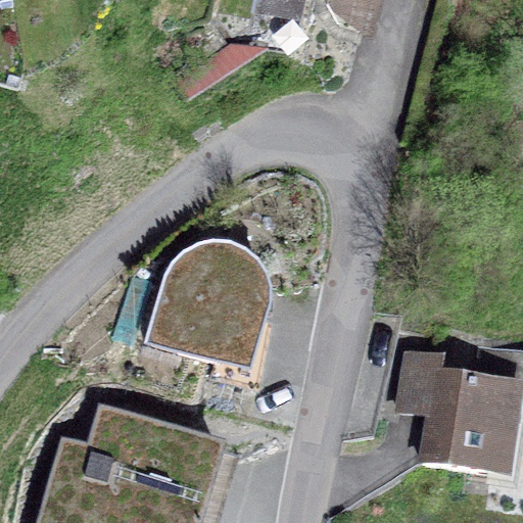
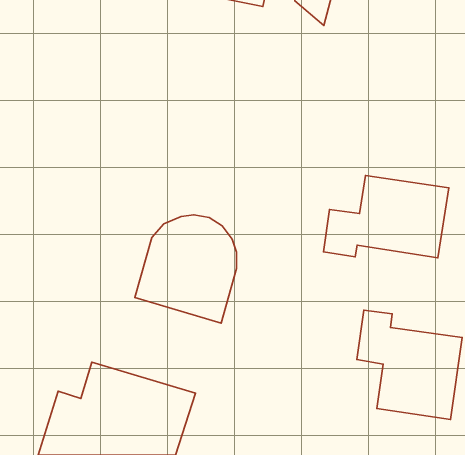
building: none -> [323,175,449,258]

